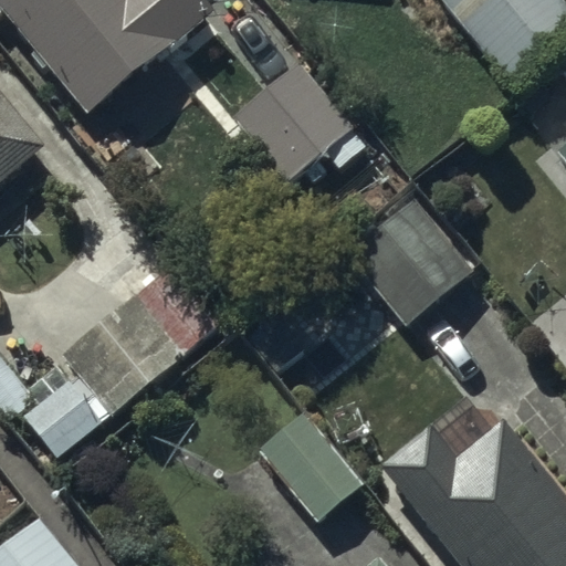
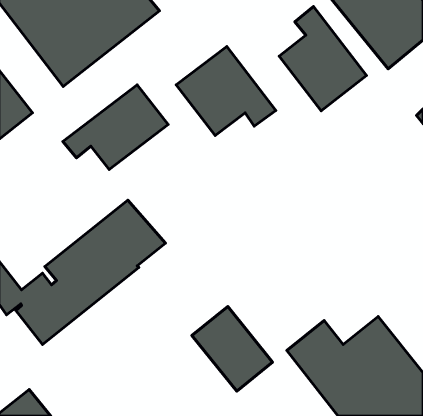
building: none -> [279,7,366,111]
building: none -> [63,85,168,169]
building: [345,196,471,324] -> none

